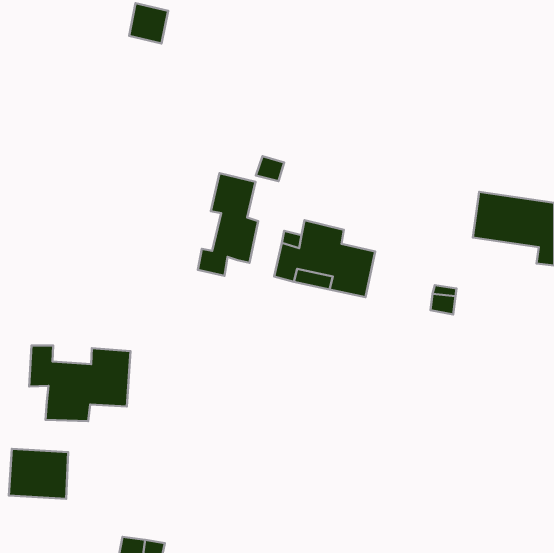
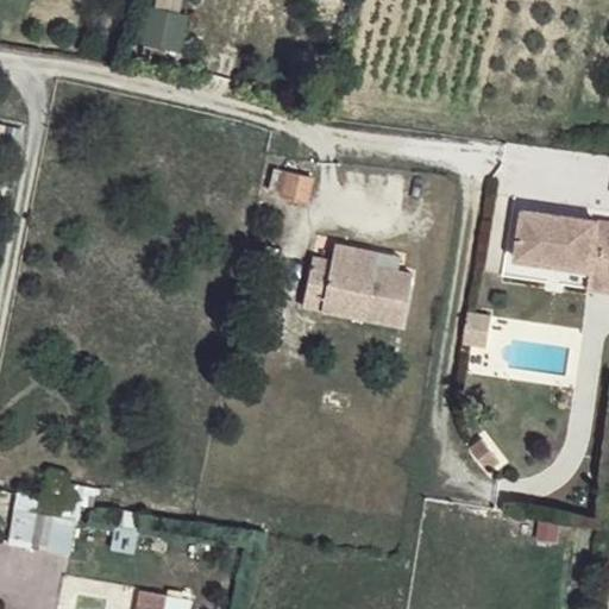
building: [198,173,258,276] -> none
building: [29,346,131,421] -> none

